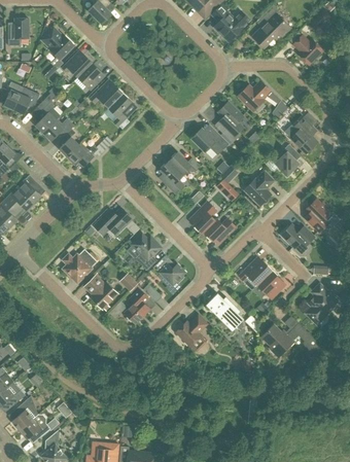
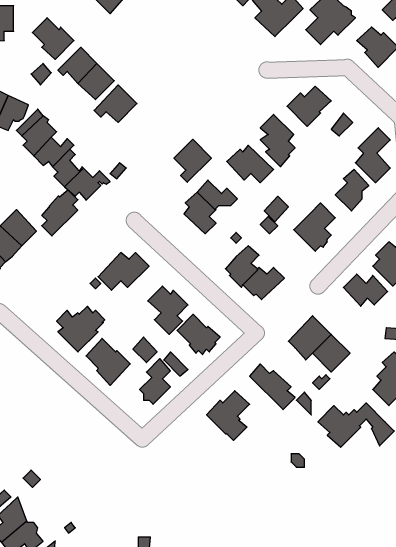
building: [108,93,137,126] -> [174,139,211,182]
building: none -> [42,190,78,236]

